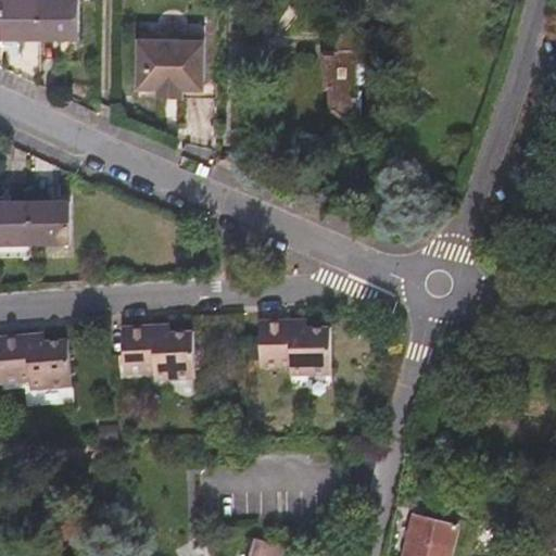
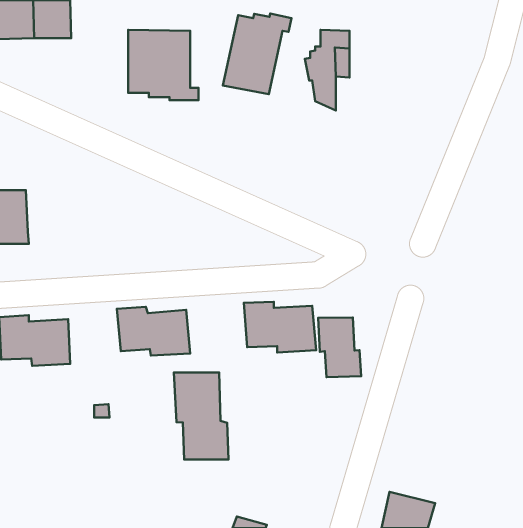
building: none -> [223,14,292,94]
building: [27,200,67,243] -> none
building: none -> [318,317,361,377]
building: none -> [174,372,229,459]

